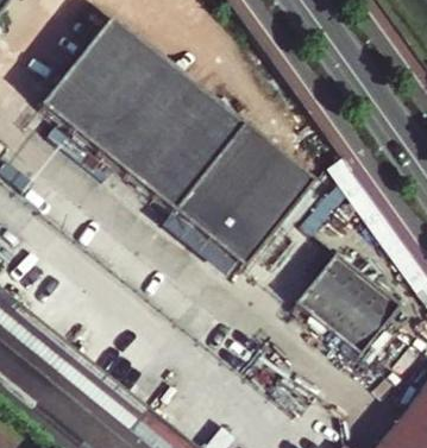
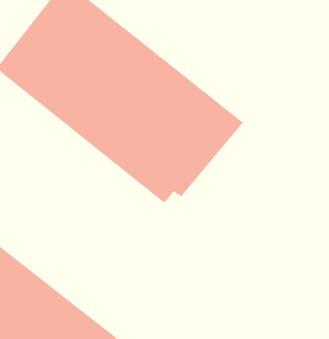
building: [295,253,398,356] -> none

